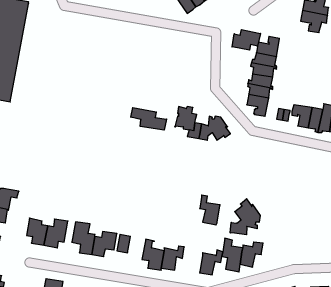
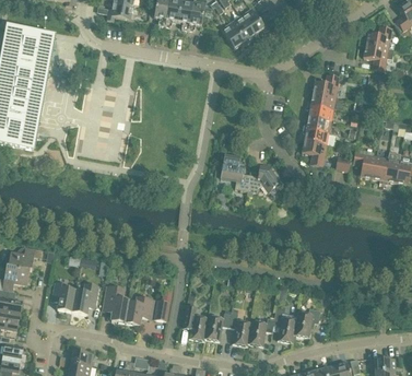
building: [232,30,260,50] -> none
building: [131,108,167,130] -> none
building: [200,195,220,225] -> [228,310,251,344]
building: [230,199,260,235] -> none

